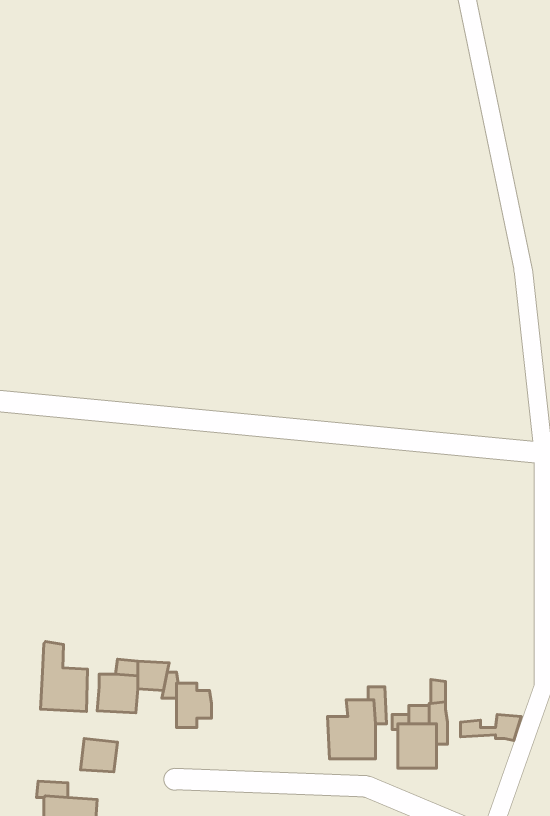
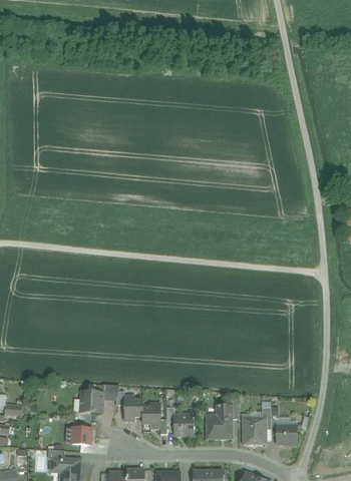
building: [41,642,87,712] -> none
building: none -> [142,404,160,428]
building: none -> [173,415,193,436]
building: none -> [277,425,297,444]

